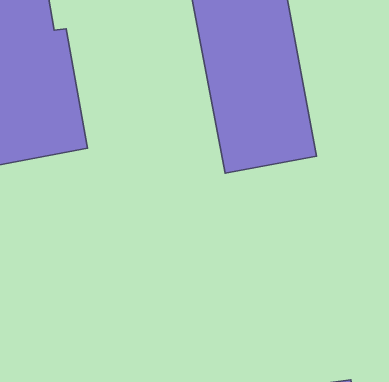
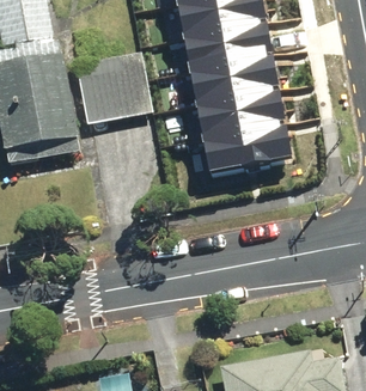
building: none -> [78,51,155,129]

